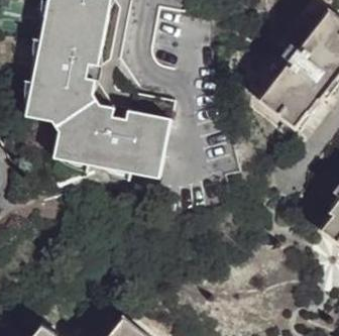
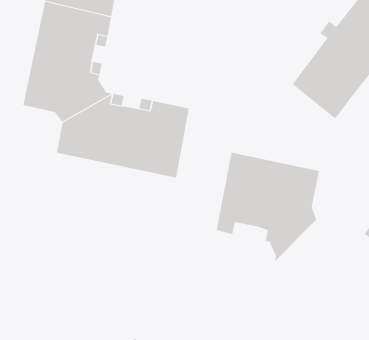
building: none -> [216,152,320,263]

